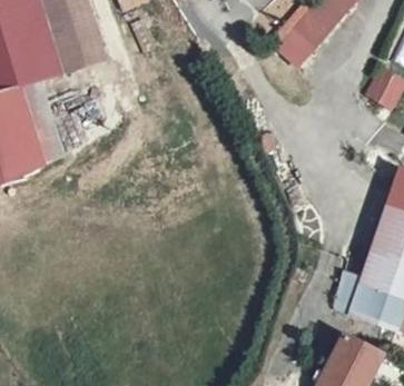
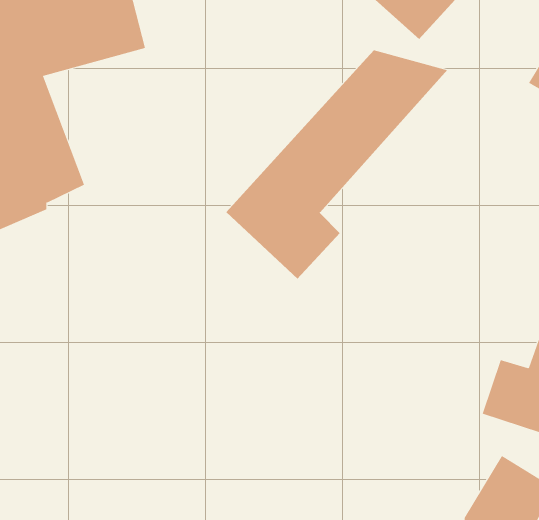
building: none -> [226,50,448,280]

